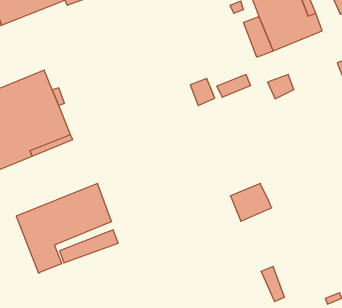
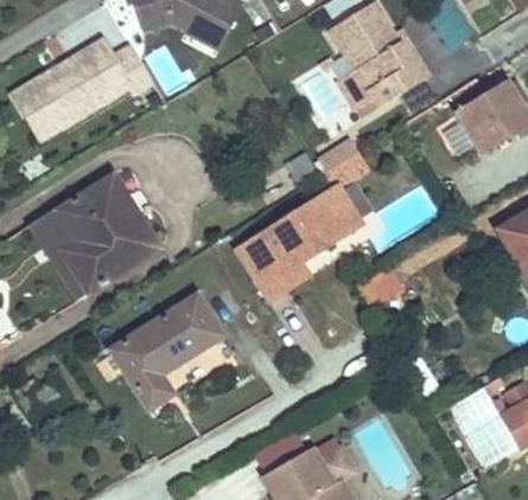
building: none -> [242,181,365,294]

